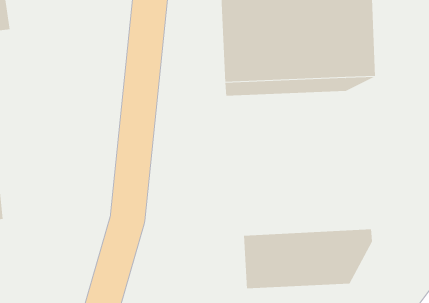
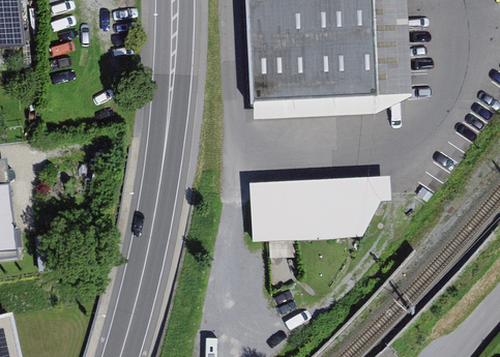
building: [243,229,373,289] -> [249,175,386,238]

